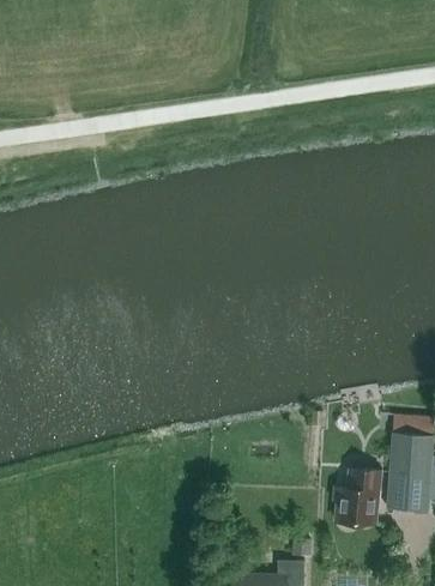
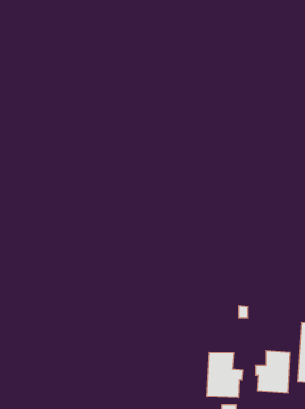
building: none -> [207,352,243,398]

